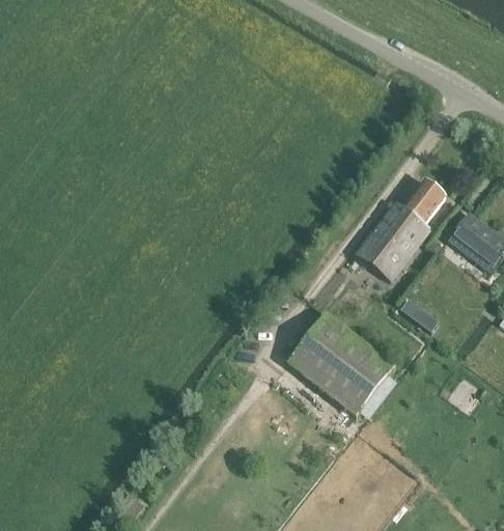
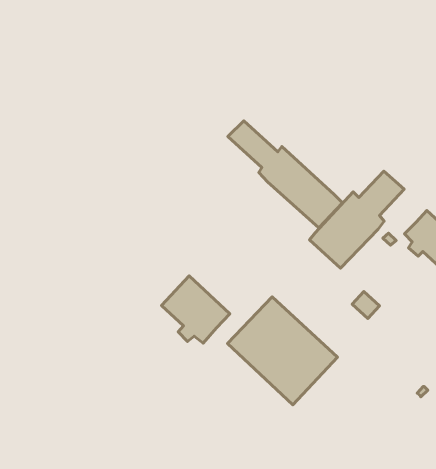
building: none -> [228,121,343,228]
building: none -> [161,276,230,343]

